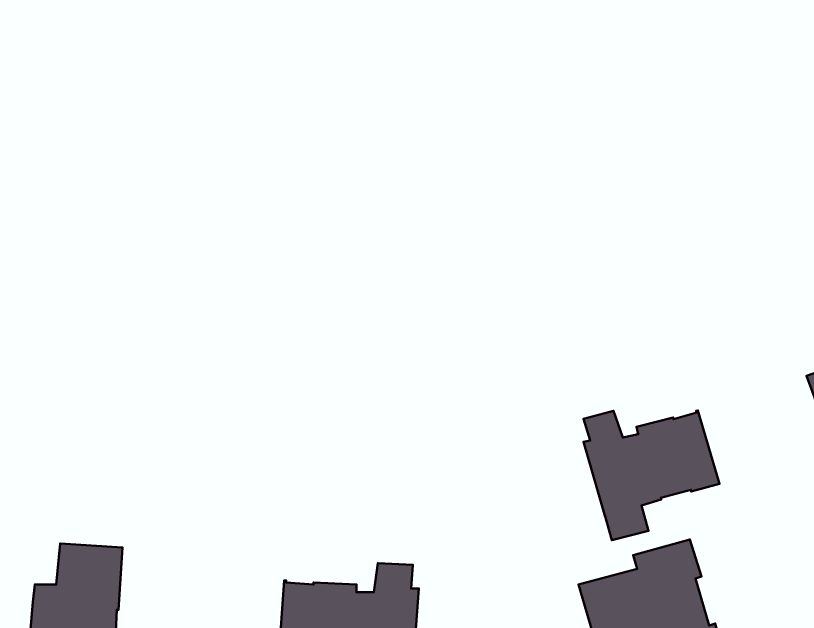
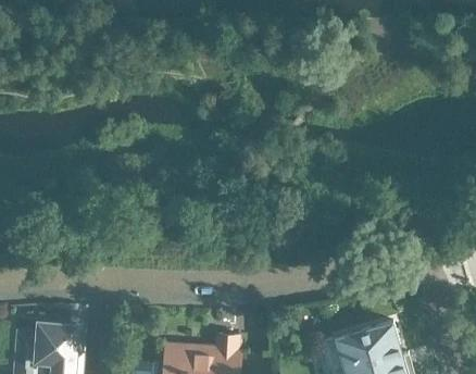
building: [583,410,719,540] -> none

